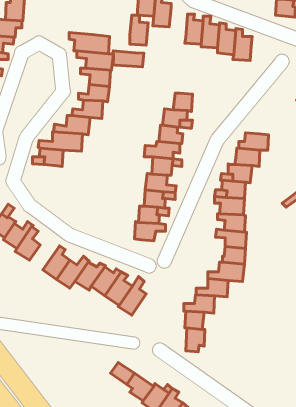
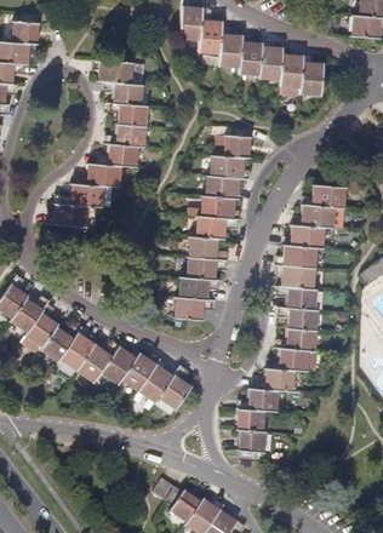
building: [130,15,148,45] -> [219,28,242,65]
building: [113,51,144,67] -> none
building: none -> [41,325,80,360]

